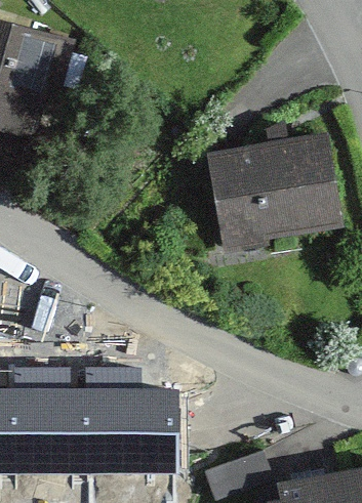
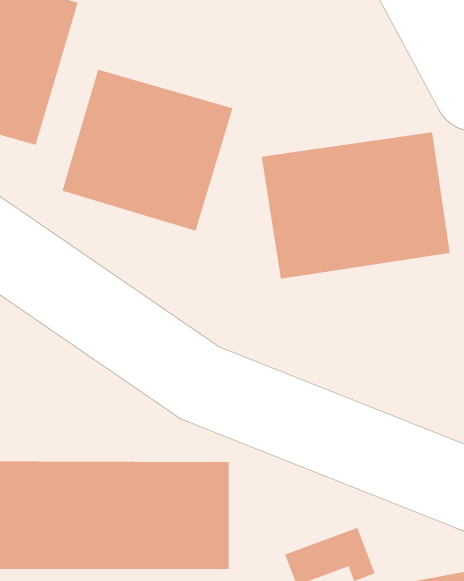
building: none -> [62,69,233,232]

